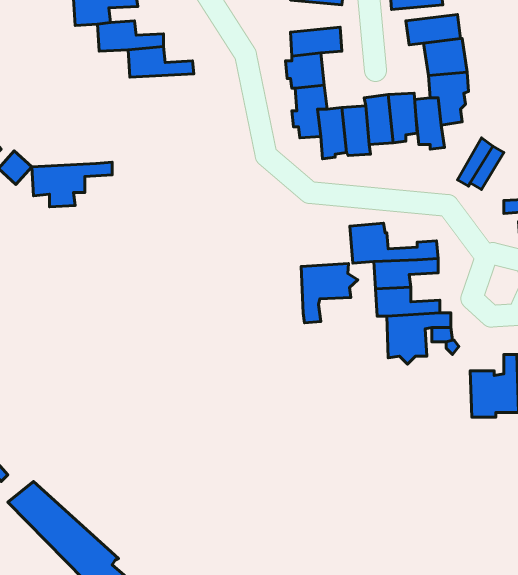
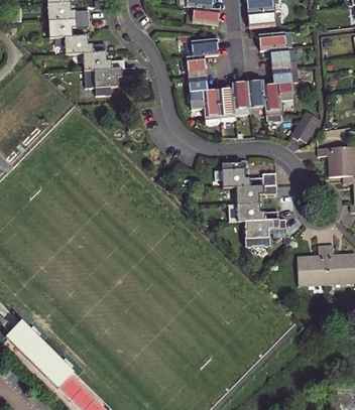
building: [32,162,112,207] -> [84,67,134,96]
building: [301,264,358,323] -> none

